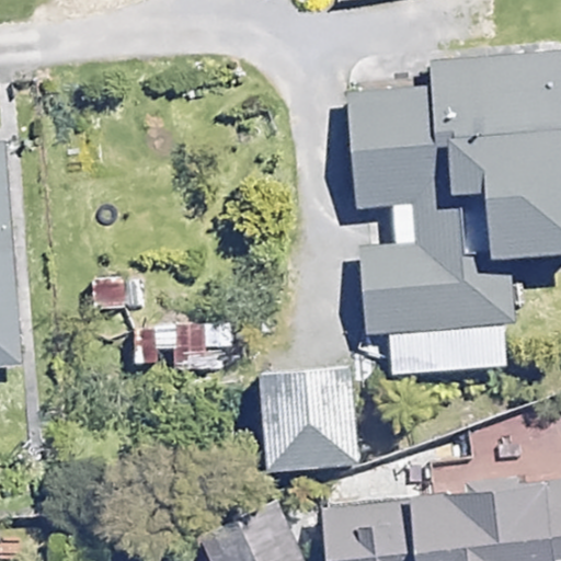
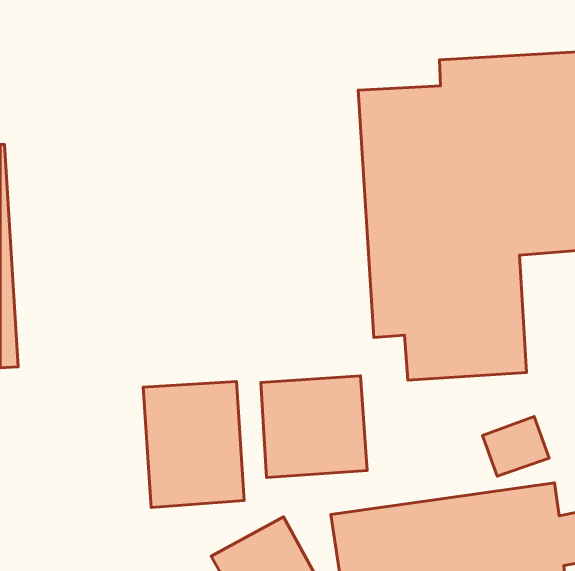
building: none -> [143,381,244,508]

